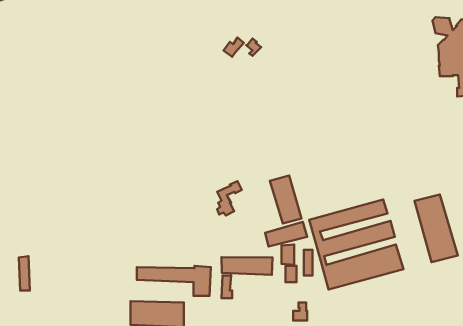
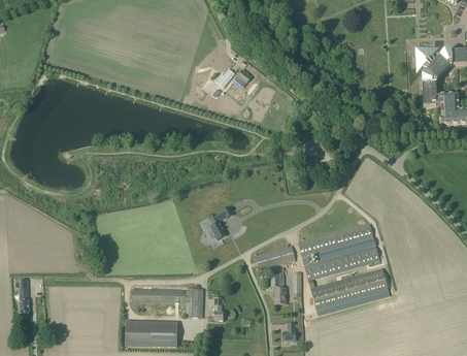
building: [270,176,301,223] -> none
building: [415,194,458,262] -> none
building: [222,257,273,275] -> none

